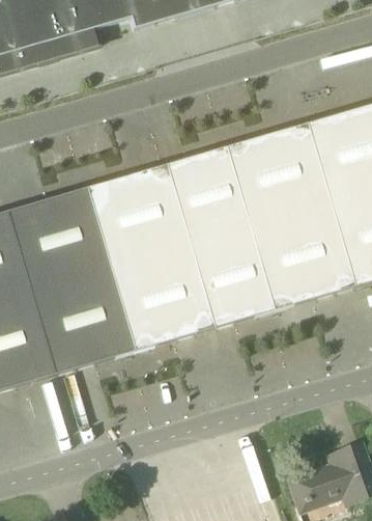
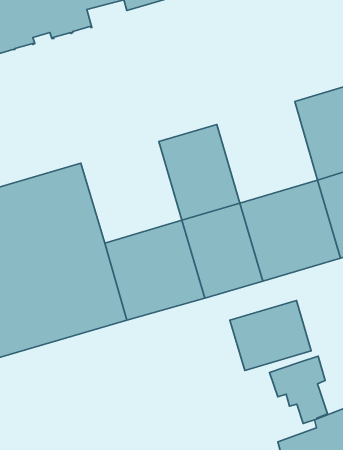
building: [227,122,332,228] -> none
building: [86,164,191,270] -> none
building: none -> [230,301,311,371]
building: none -> [269,356,328,424]

